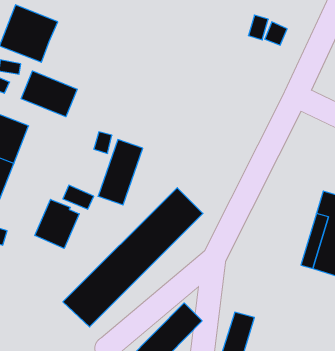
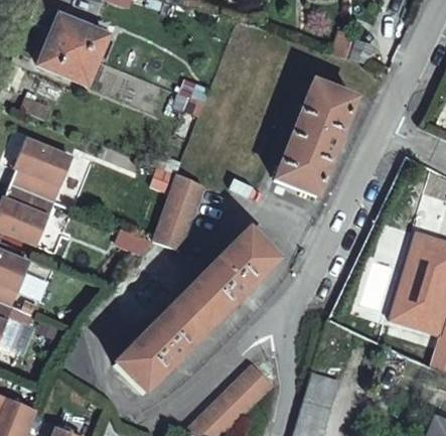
building: none -> [276,84,353,196]
building: [21,71,77,117] -> none
building: [35,199,79,248] -> none

